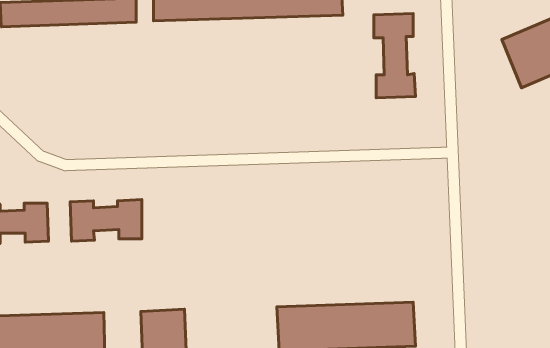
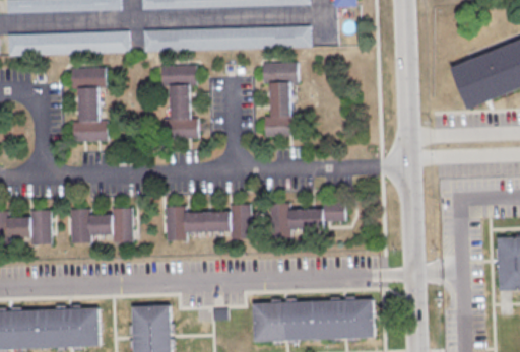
building: [374,14,415,98] -> [262,63,299,137]
building: none -> [161,65,198,139]
building: none -> [71,67,108,142]
building: none -> [269,201,345,238]
building: none -> [166,205,251,241]

